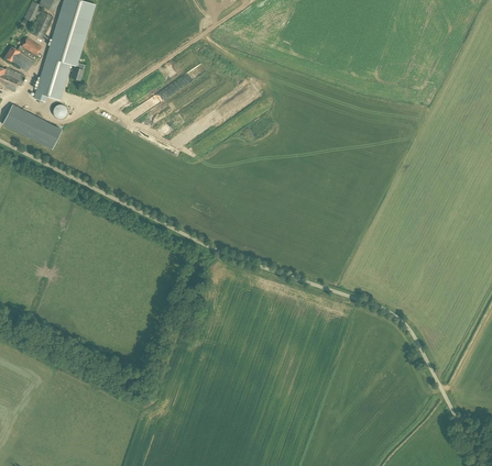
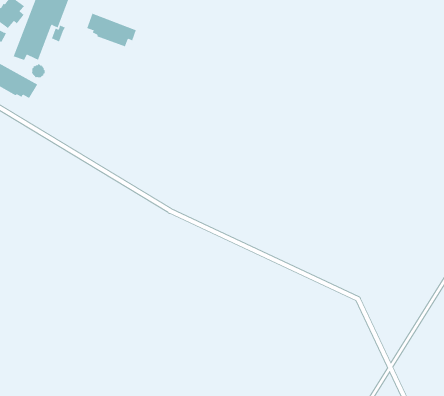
building: none -> [87,13,136,47]

